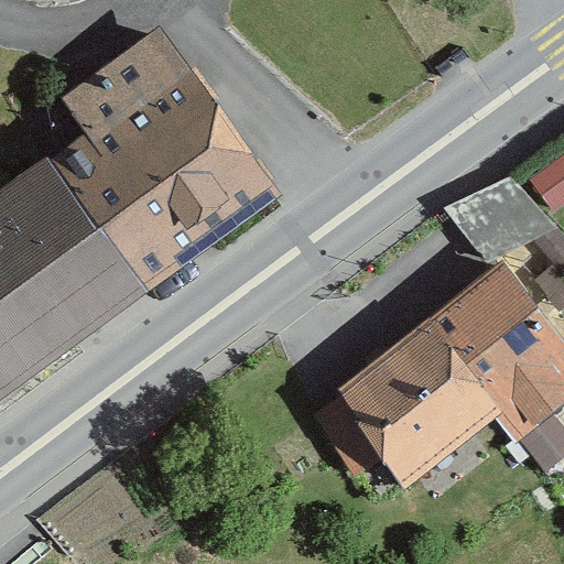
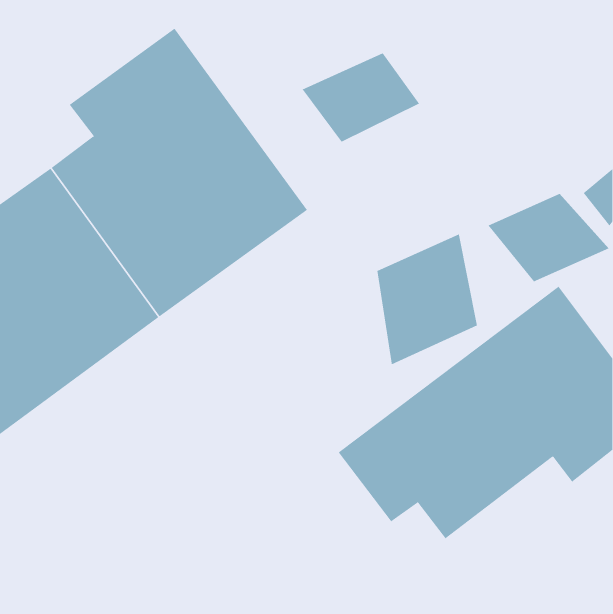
building: none -> [302,53,420,143]
building: none -> [377,234,478,365]

